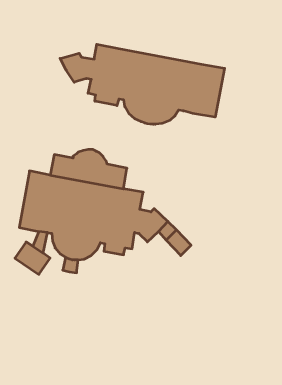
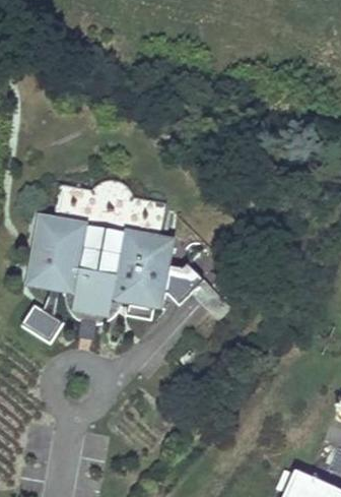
building: [60,44,225,124] -> none

